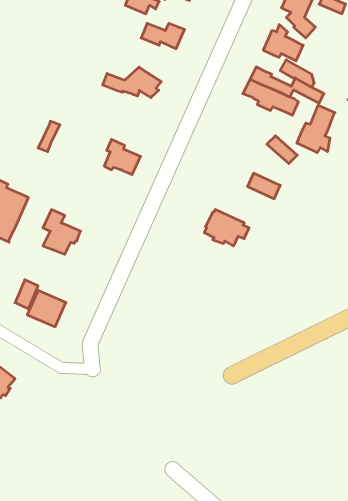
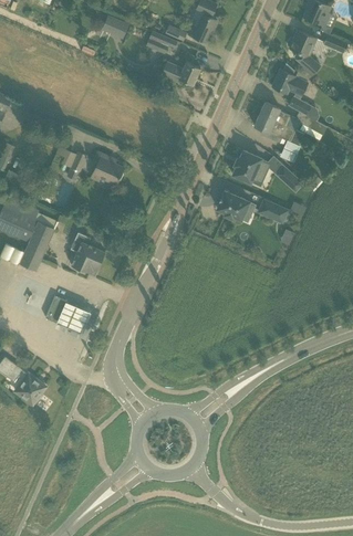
building: [103,67,161,98] -> none
building: [297,105,335,153] -> none
building: none -> [232,150,270,182]
building: [104,139,141,175] -> [91,151,124,183]
building: [204,210,249,246] -> [215,188,256,221]

